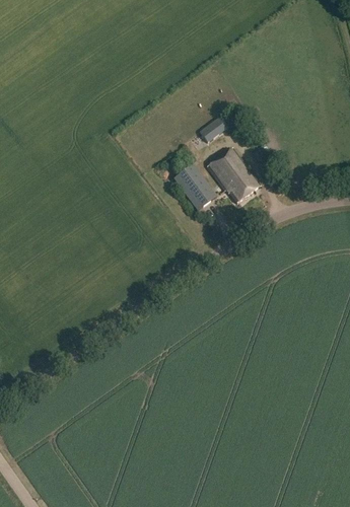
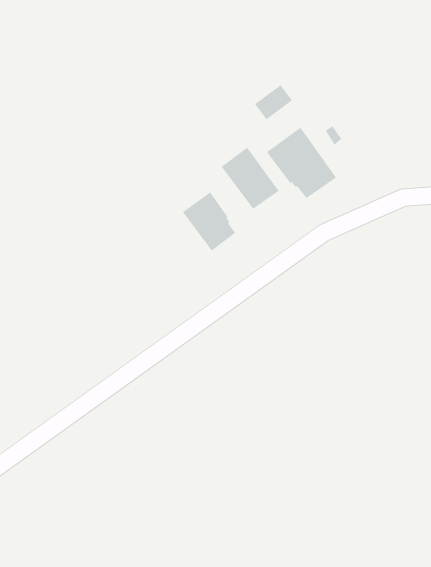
building: none -> [182,192,236,251]

